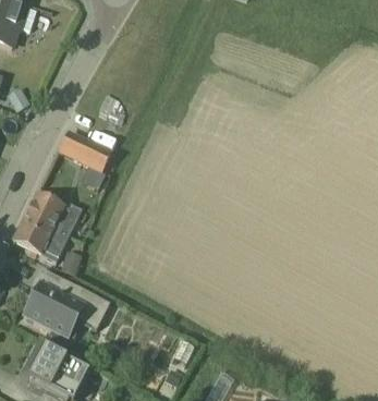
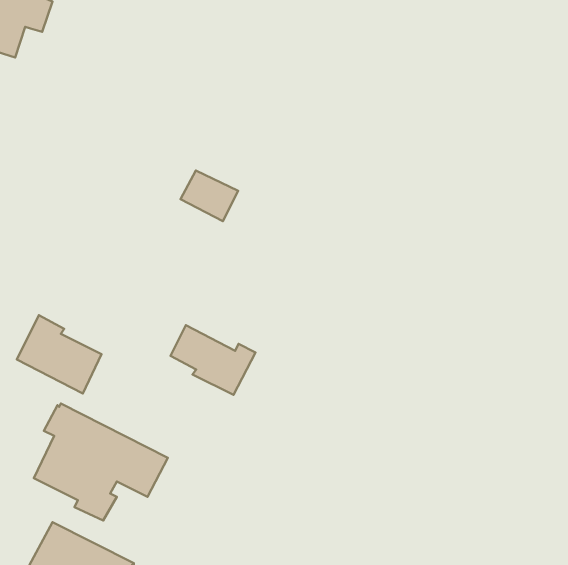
building: [74,136,111,169] -> [180,170,238,221]
building: [27,190,82,234] -> [171,325,255,395]

